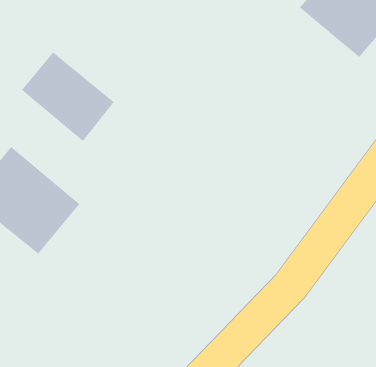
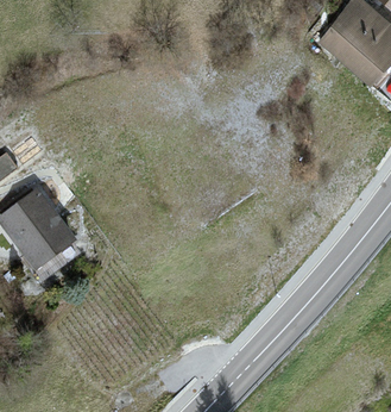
building: [21,51,115,142] -> none

